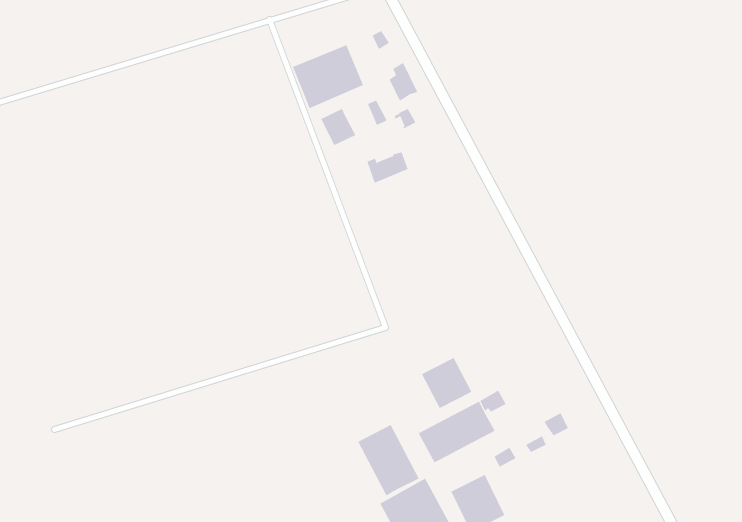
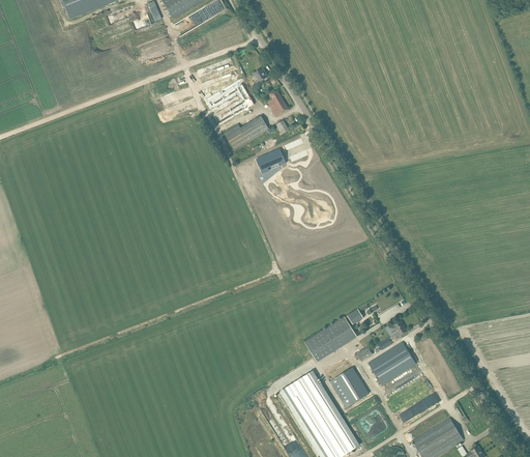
building: [421,357,472,409] -> none
building: [357,424,420,496] -> none
building: none -> [367,341,416,384]

